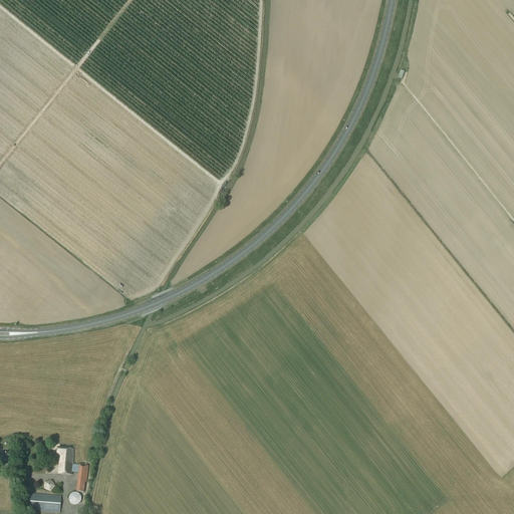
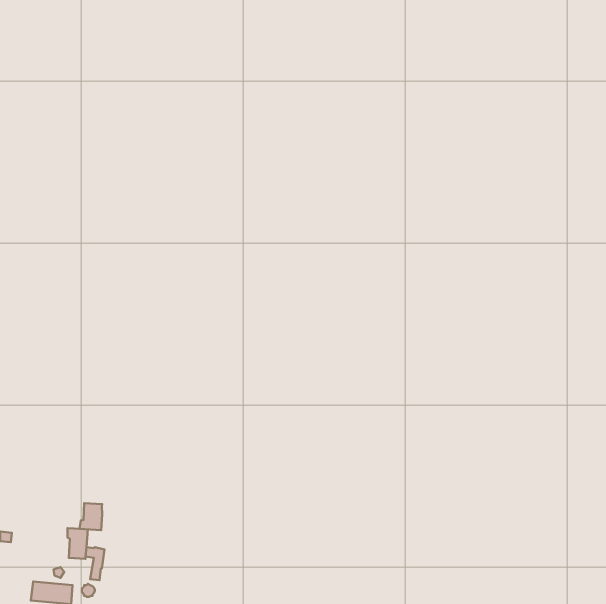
building: none -> [80,503,102,530]

